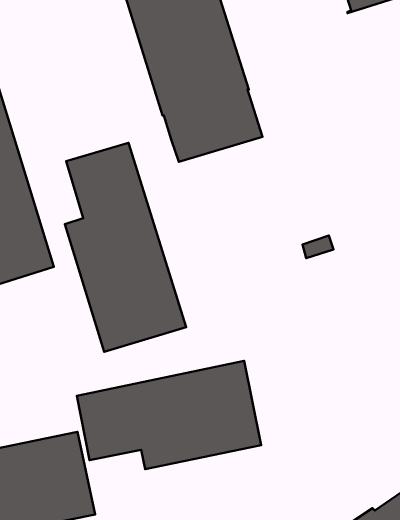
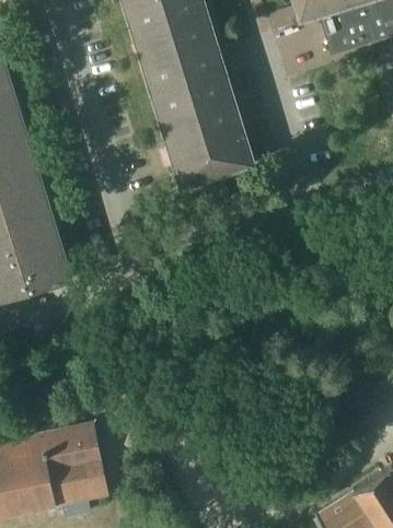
building: [65,143,186,352] -> none
building: [77,361,261,469] -> none

